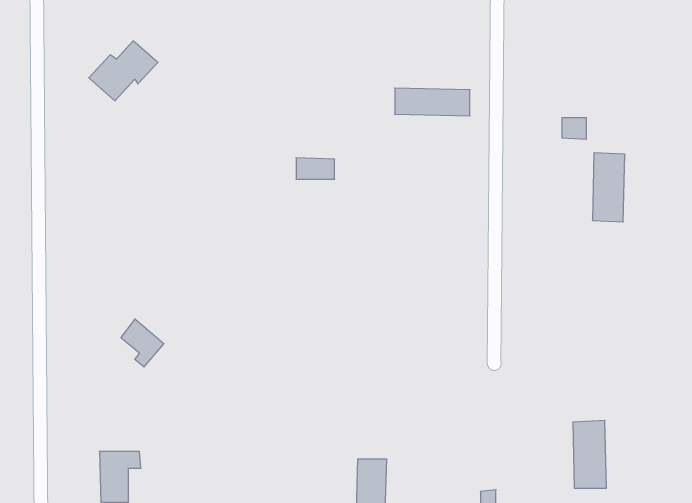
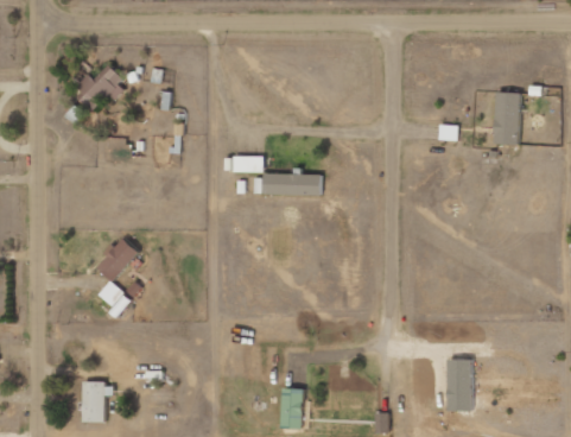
building: [395,88,470,116] -> [264,173,322,195]
building: [592,153,625,222] -> [495,91,520,145]
building: none -> [96,238,139,281]

